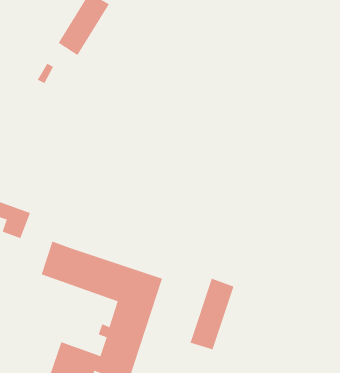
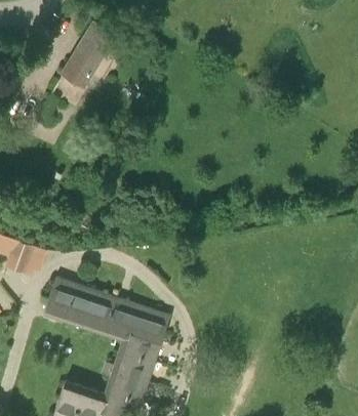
building: [190,278,234,350] -> none

